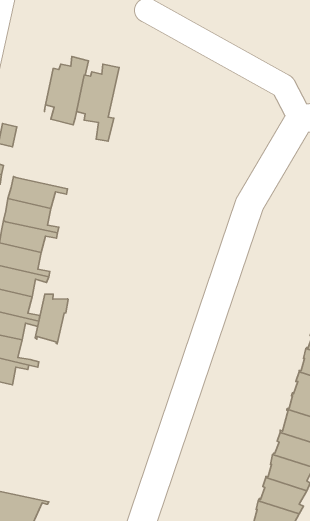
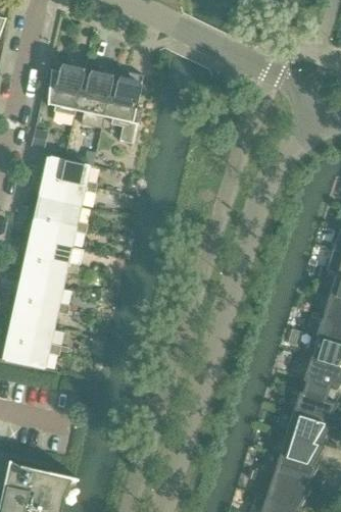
building: none -> [47,60,86,116]
building: none -> [45,157,96,189]
building: [35,294,68,344] -> none

